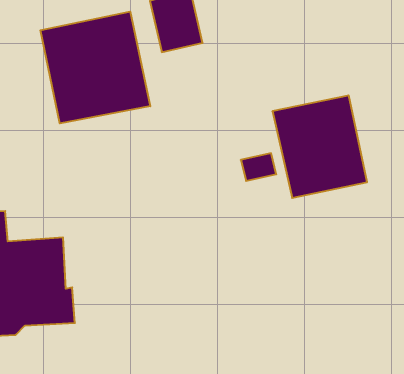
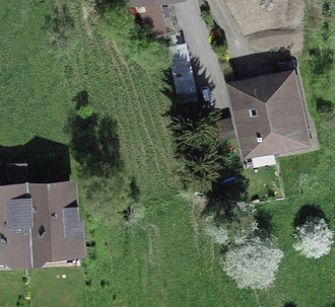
building: [40,12,150,123] -> none

